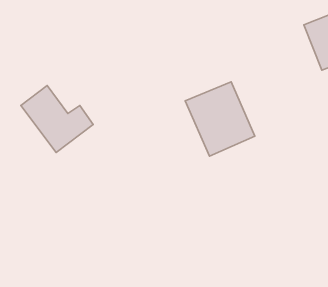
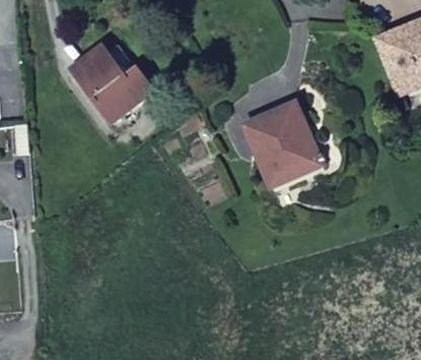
building: [21,85,93,153] -> [73,46,154,121]

